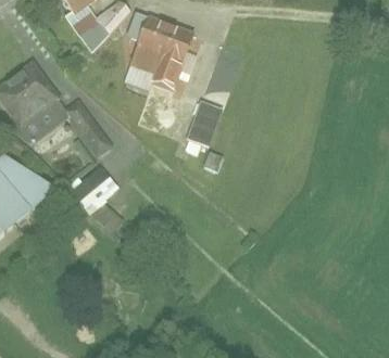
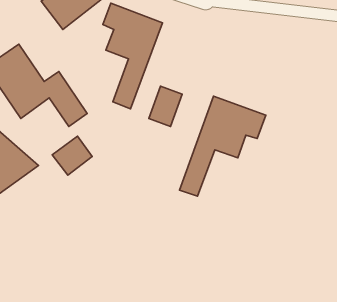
building: none -> [180,96,266,196]

